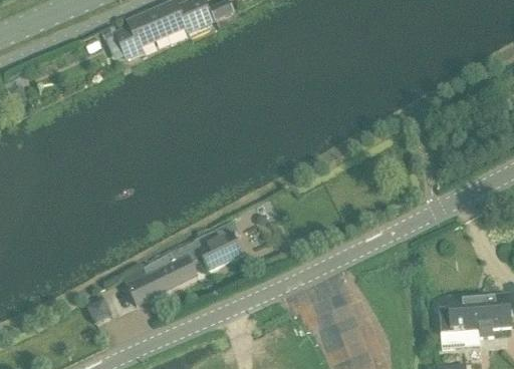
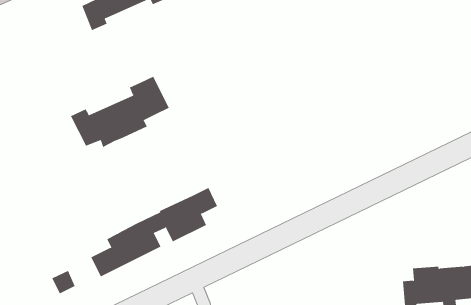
building: none -> [70,76,169,148]

